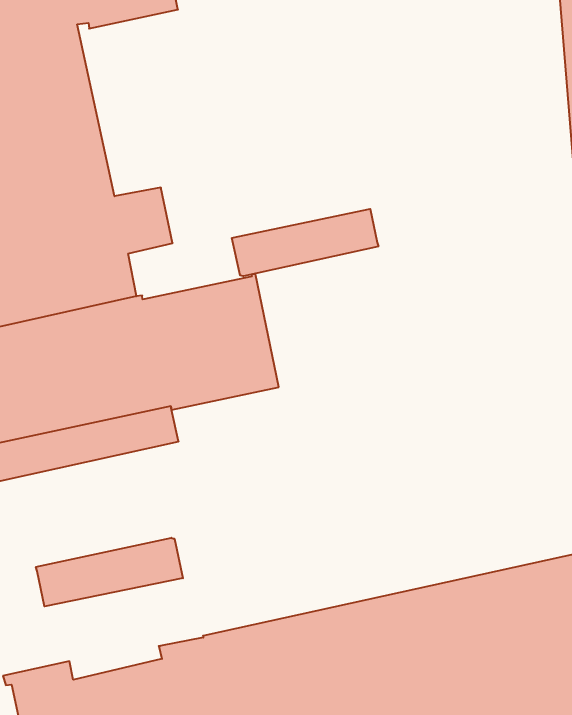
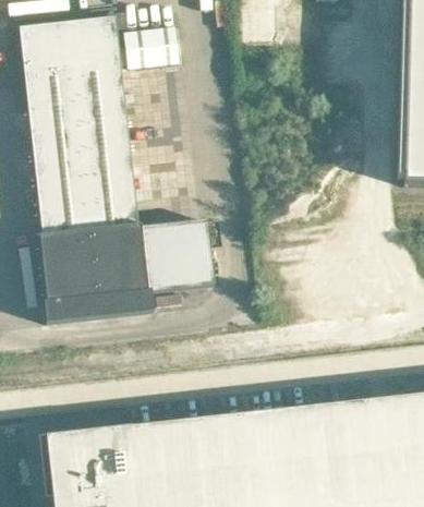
building: [232,209,378,276] -> none
building: [36,538,183,606] -> none

